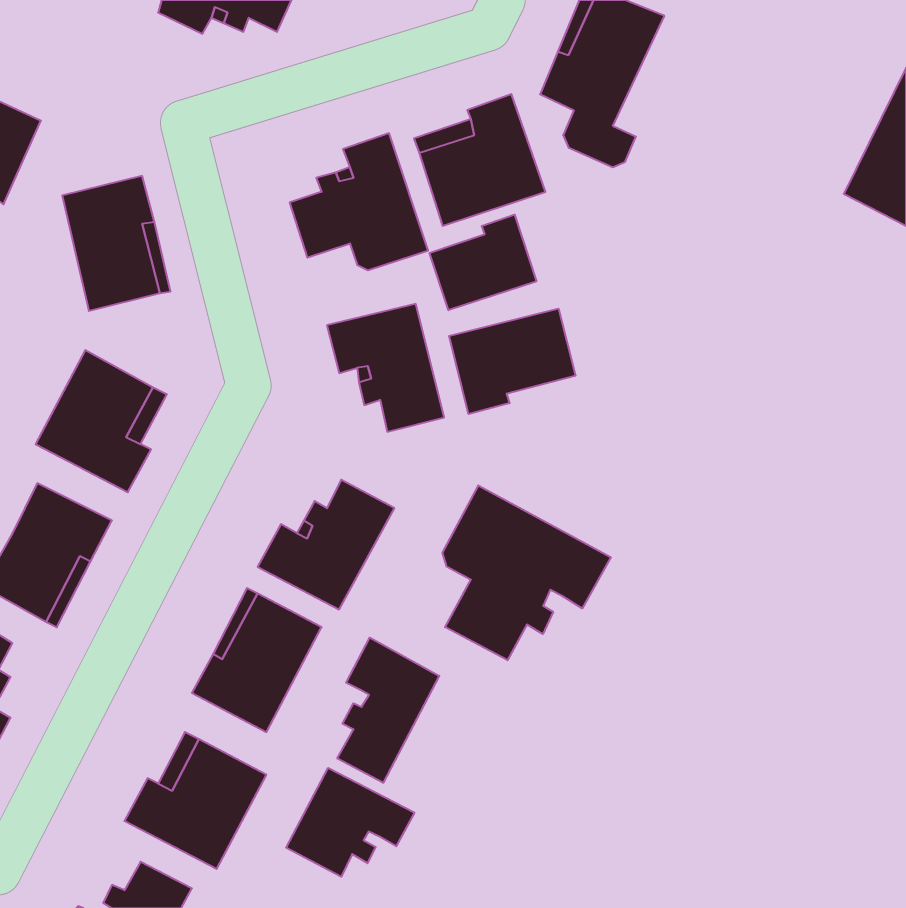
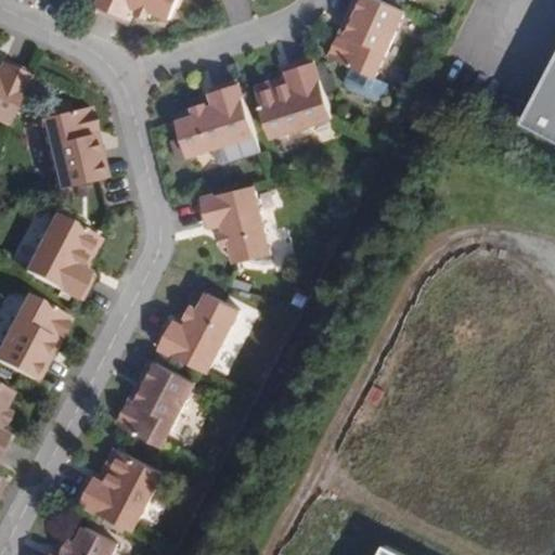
building: [430,215,536,310] -> none
building: [449,309,575,414] -> none
building: [443,485,611,660] -> none
building: [337,638,439,783] -> none
building: [286,768,414,877] -> none

